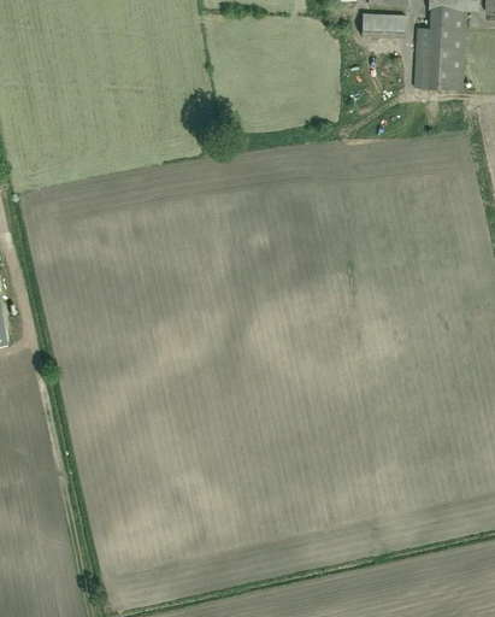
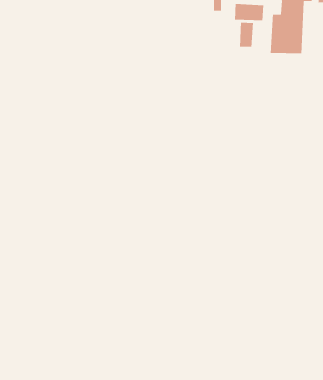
building: none -> [239,22,254,48]

